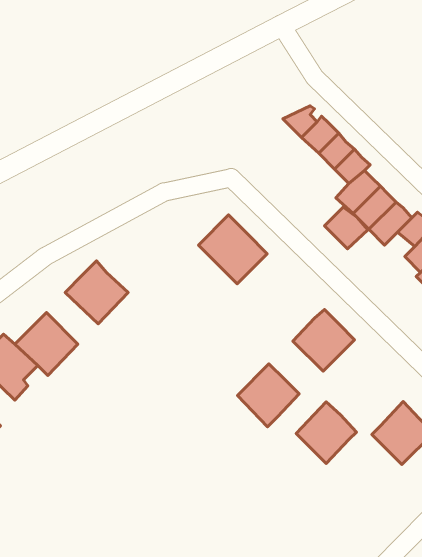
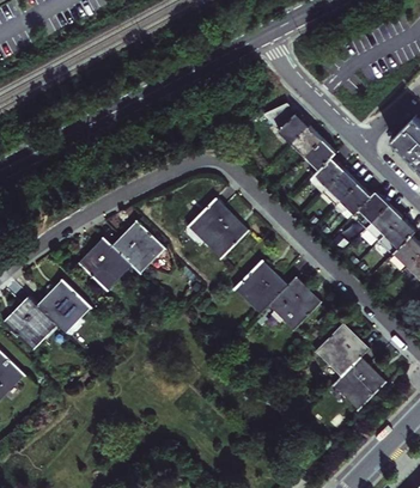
building: [325,207,368,249] -> none
building: none -> [114,219,165,270]
building: [237,364,299,427] -> [236,257,287,310]
building: [296,402,356,464] -> [317,321,367,372]

